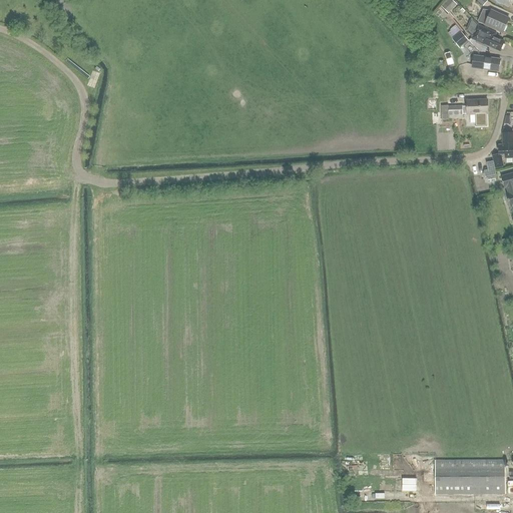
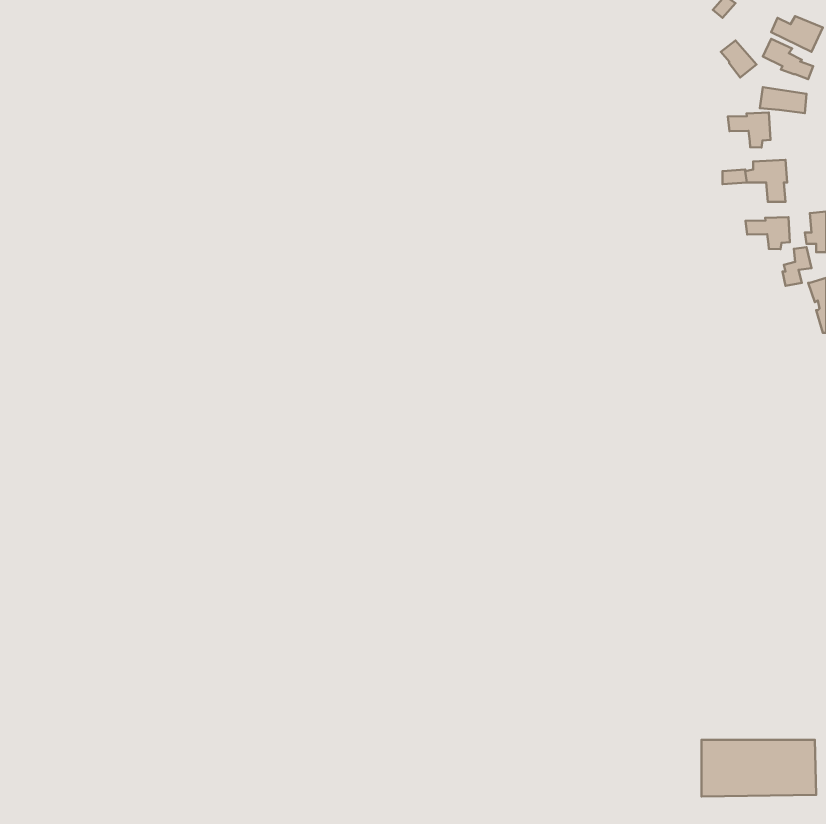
building: none -> [728,113,770,147]
building: none -> [746,217,790,249]

